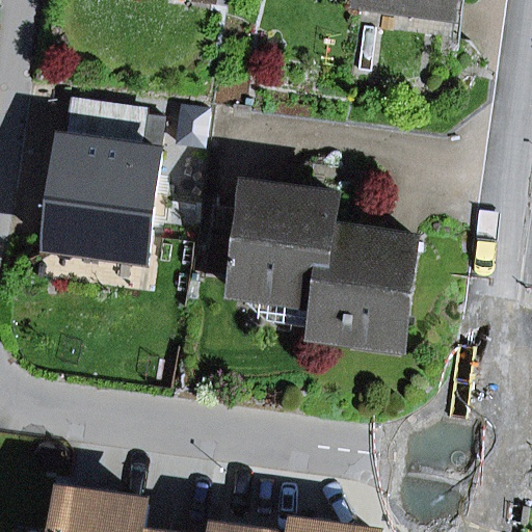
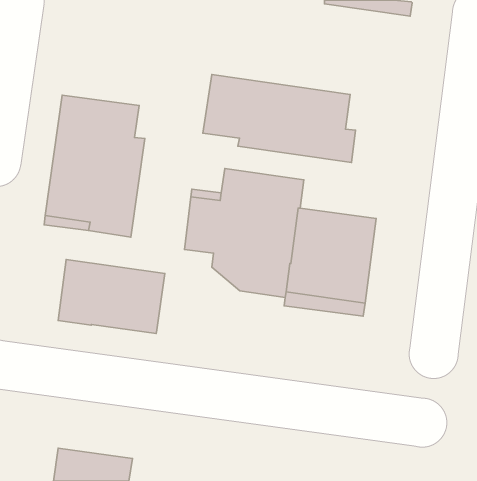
building: none -> [203,74,355,162]
building: none -> [58,260,165,334]

